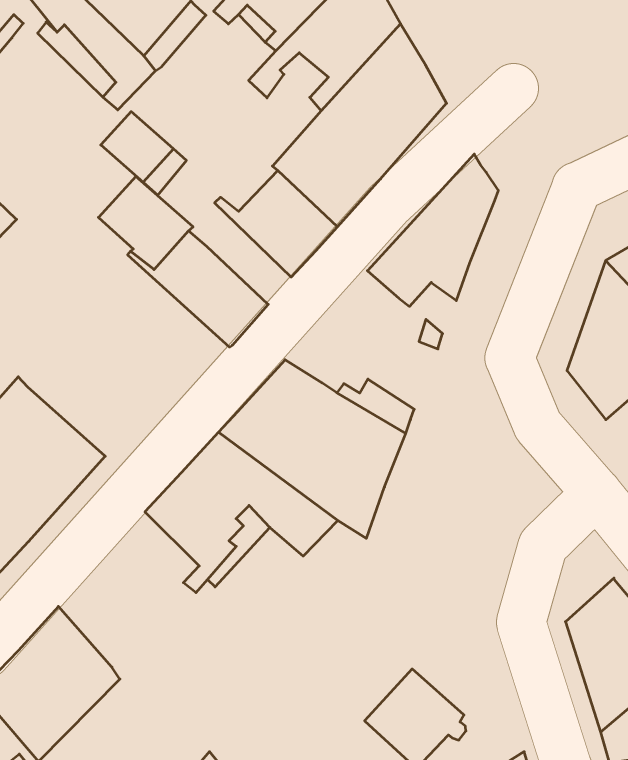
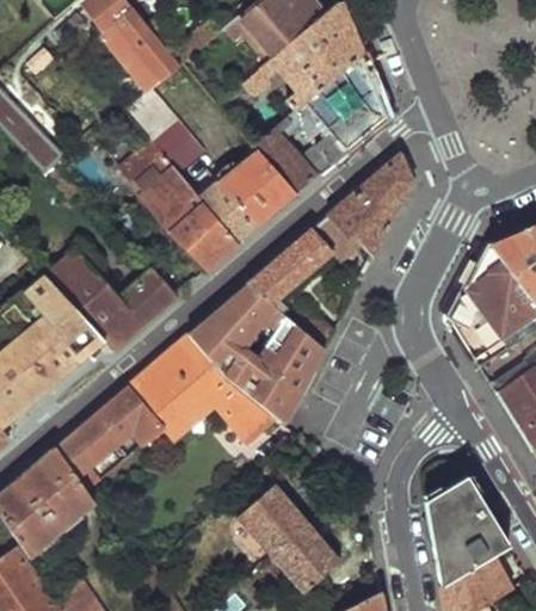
building: none -> [198,167,257,246]
building: none -> [245,230,333,308]
building: none -> [55,261,178,351]
building: none -> [57,385,164,495]
building: none -> [234,482,309,557]

